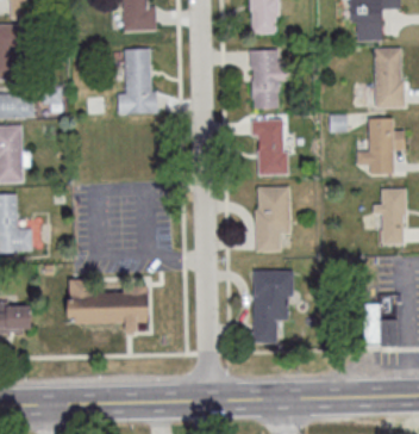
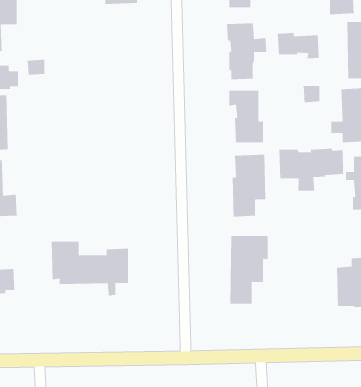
building: [117,50,157,114] -> none
building: none -> [277,32,319,59]
building: none -> [279,148,344,192]

